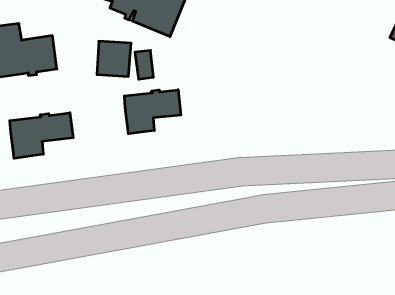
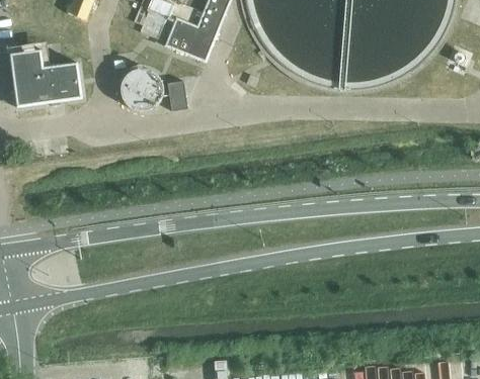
building: [124,90,181,134] -> none
building: [10,113,73,158] -> none

